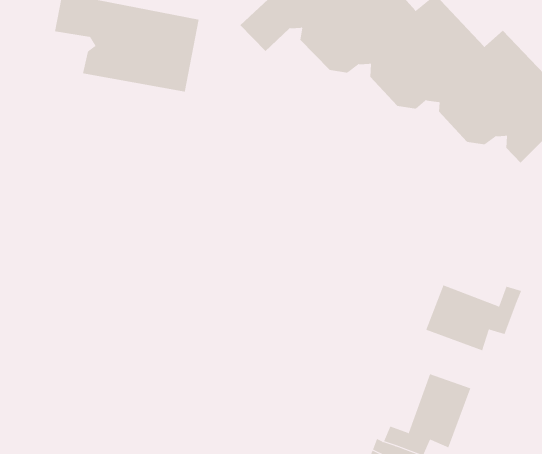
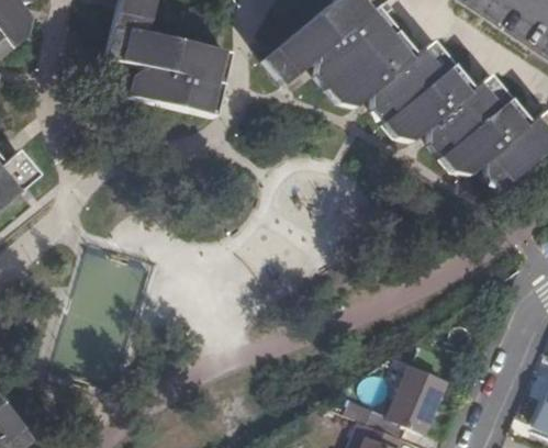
building: [425,285,522,351] -> none

